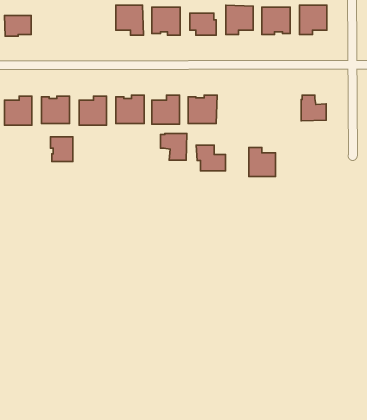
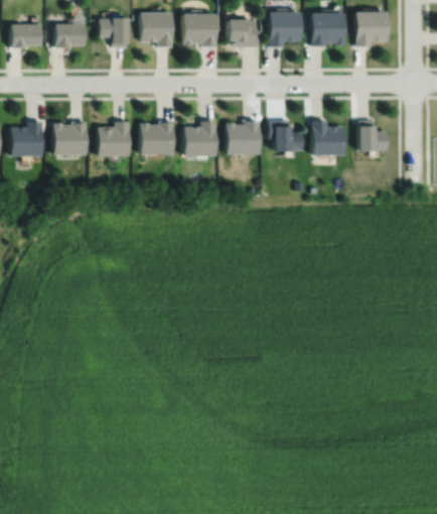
building: none -> [99,19,128,48]
building: none -> [54,25,85,49]
building: [160,133,187,160] -> none
building: [50,137,73,161] -> none
building: [196,145,225,171] -> [268,119,302,149]
building: [249,148,276,177] -> [312,119,343,153]

